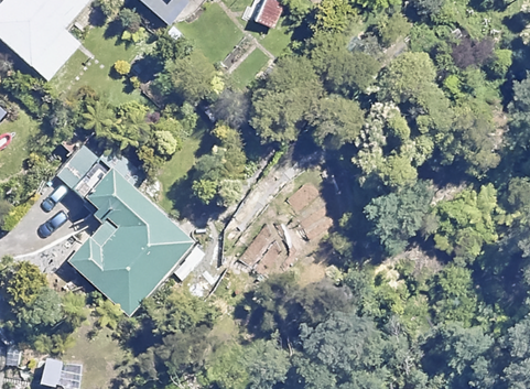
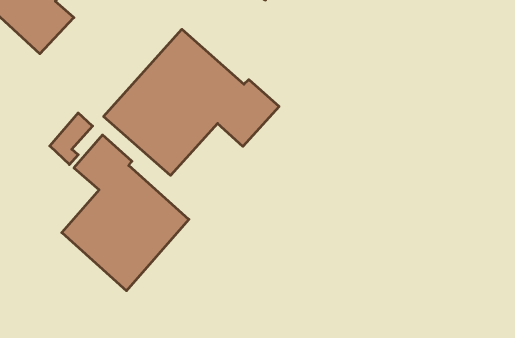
building: none -> [104,29,279,175]

